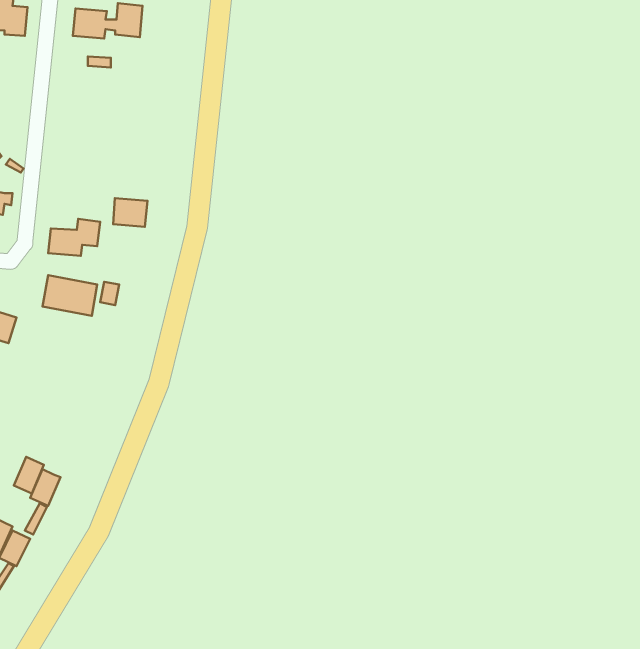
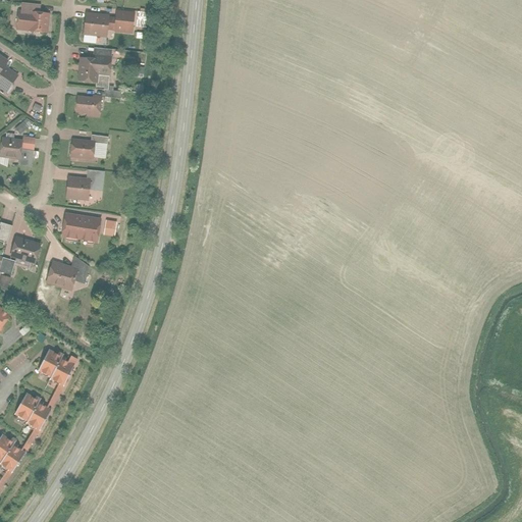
building: none -> [81,56,111,82]
building: none -> [74,94,101,114]
building: [113,198,148,227] -> [70,138,96,159]
building: none -> [45,256,87,290]

